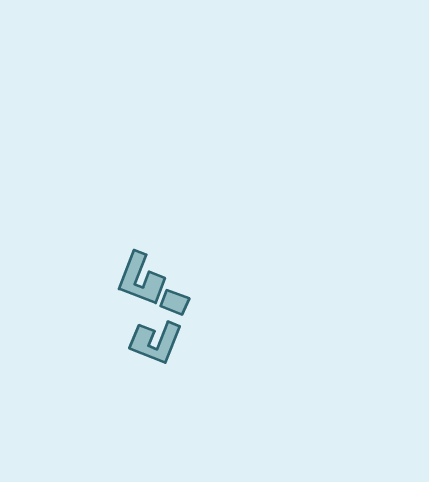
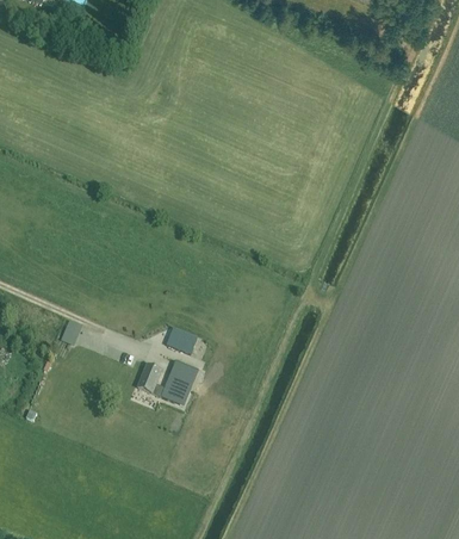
building: [119,250,165,303] -> none

